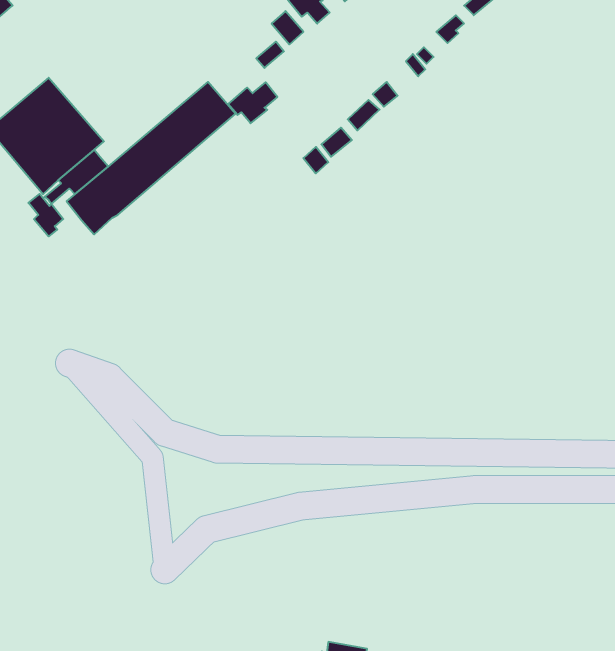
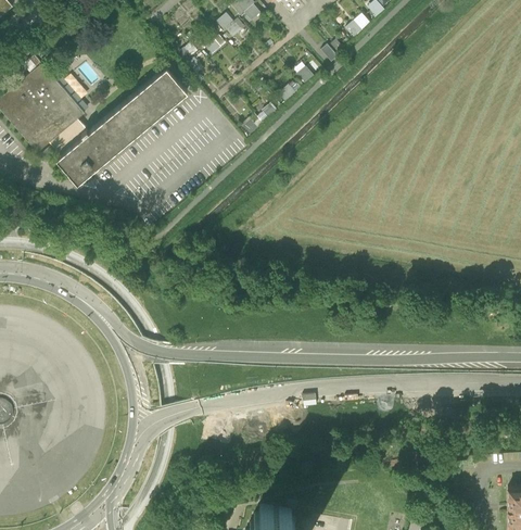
building: [228,82,277,123] -> none
building: [28,194,63,236] -> none

